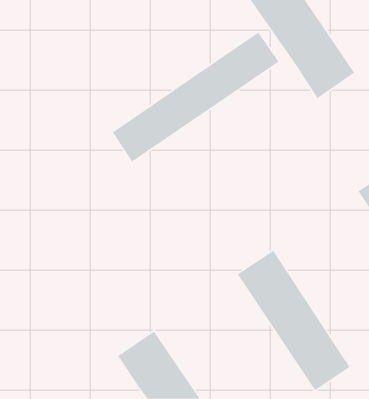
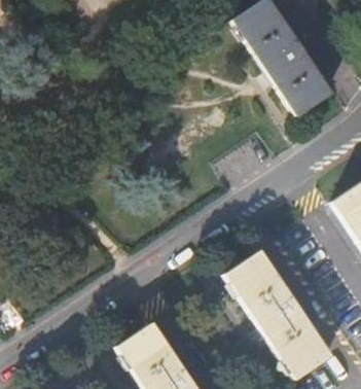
building: [112,31,280,162] -> none

